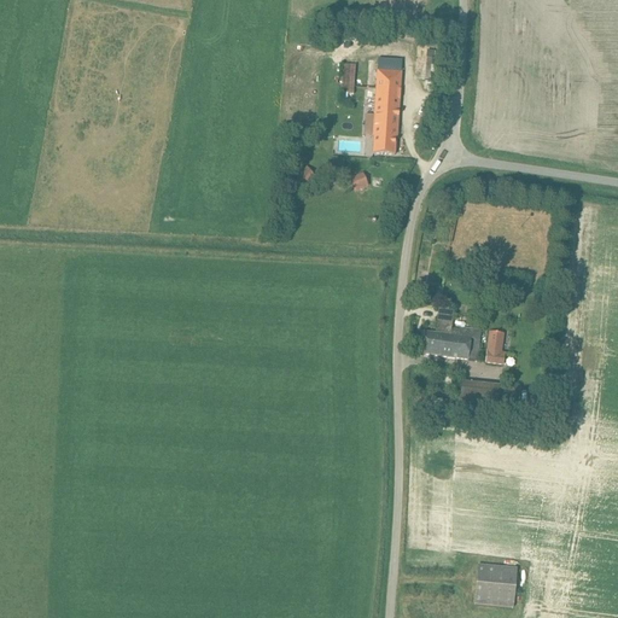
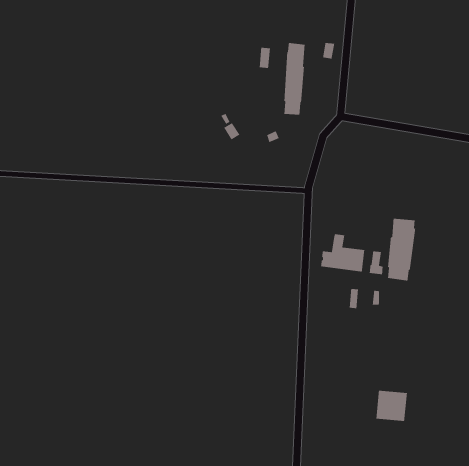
building: none -> [387,218,416,281]
building: [474,562,517,605] -> [376,390,408,422]

